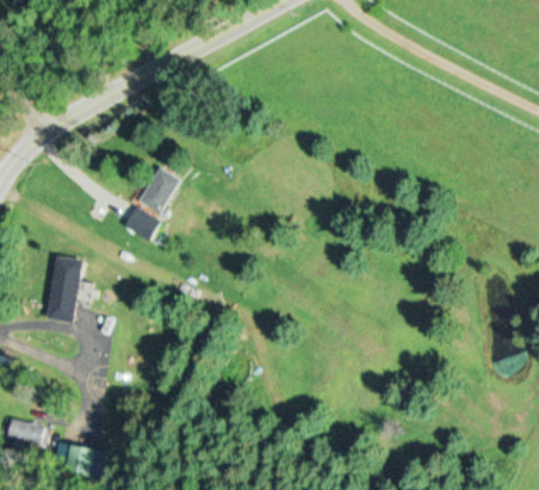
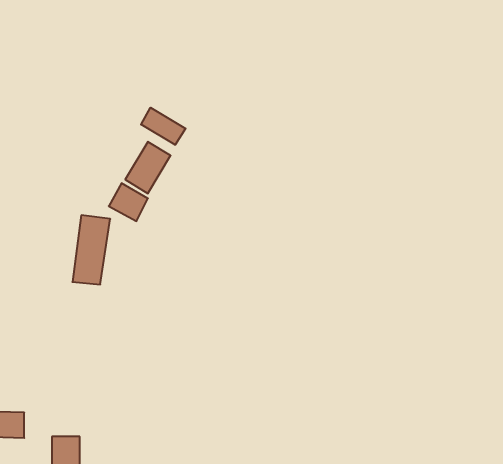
building: none -> [141,108,186,145]
building: [48,255,83,321] -> [72,215,110,284]

